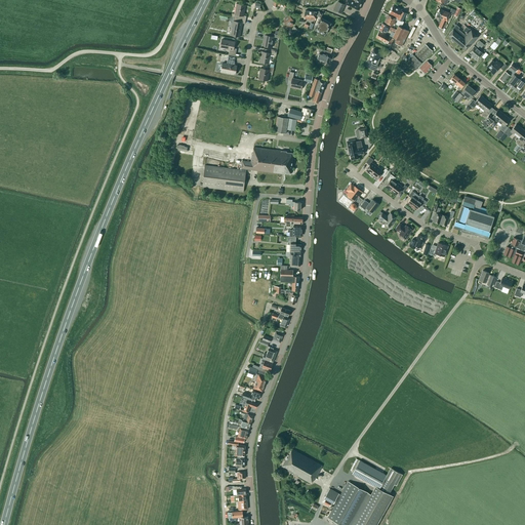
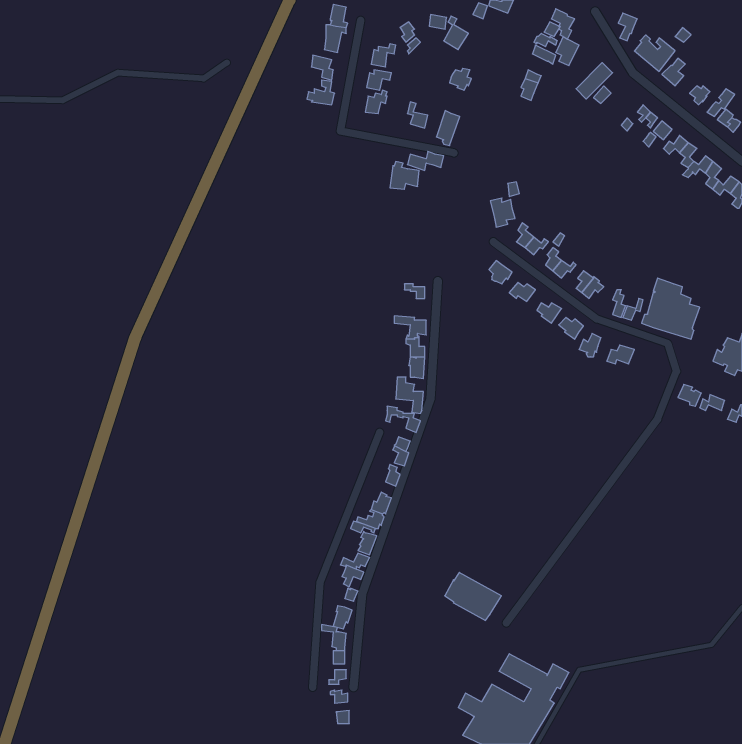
building: [201,148,292,192] -> none
building: [281,449,321,483] -> [445,572,501,620]

